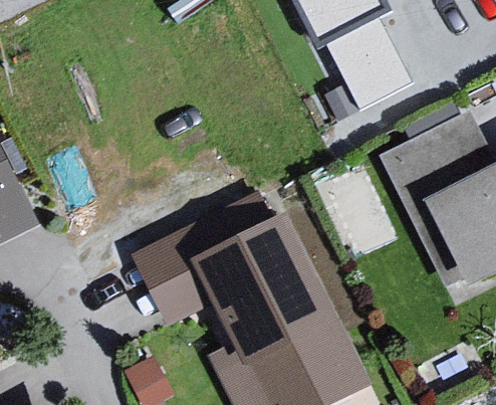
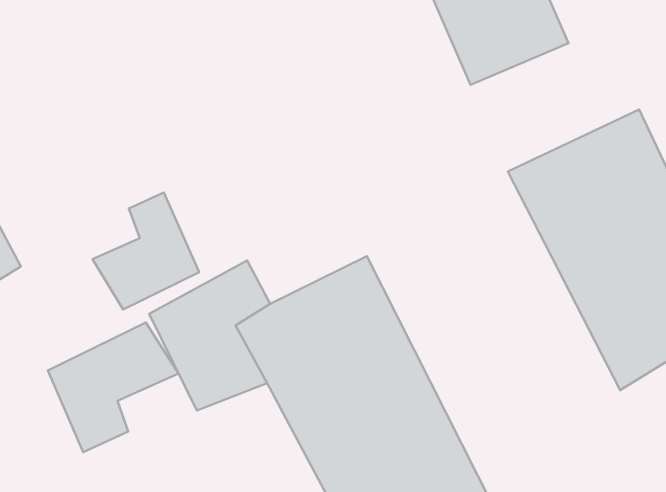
building: none -> [93,193,199,309]
building: none -> [48,322,178,452]

